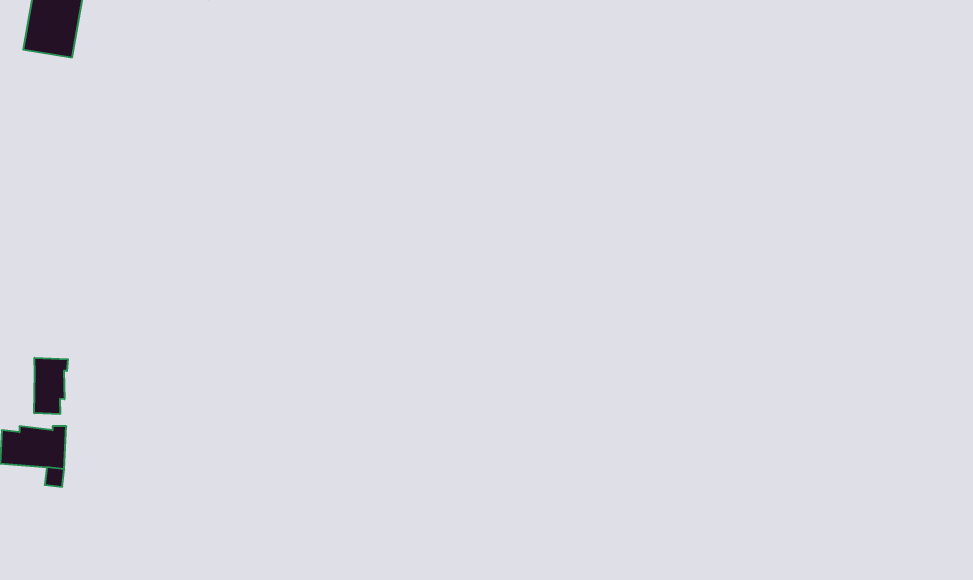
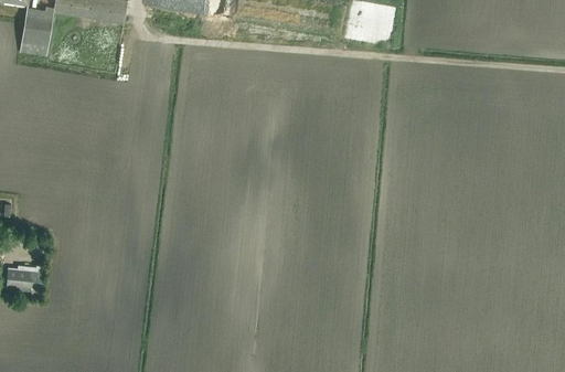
building: [34,358,68,414] -> none

